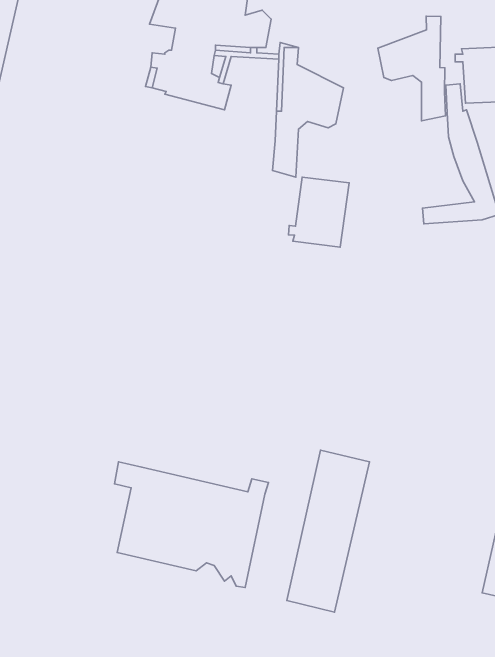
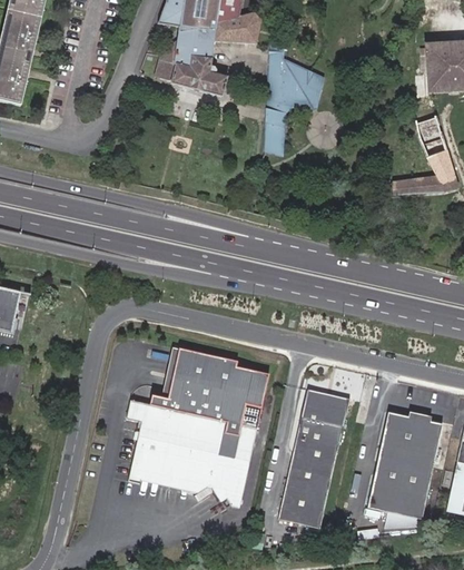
building: [378,16,446,121] -> none
building: [288,177,349,247] -> none
building: none -> [151,346,272,425]
building: none -> [366,412,440,518]

